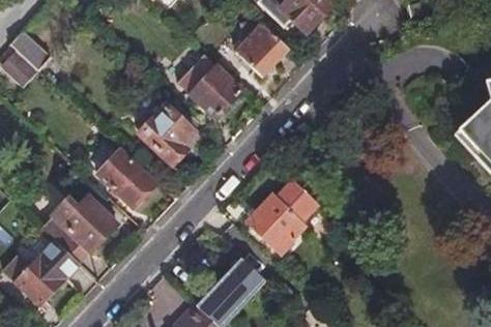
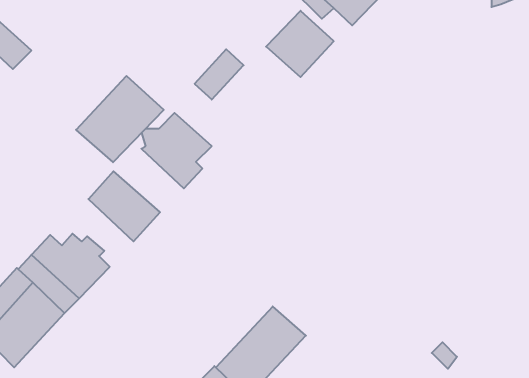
building: [195,68,244,117] -> none
building: none -> [76,76,164,162]
building: [249,179,320,250] -> none

